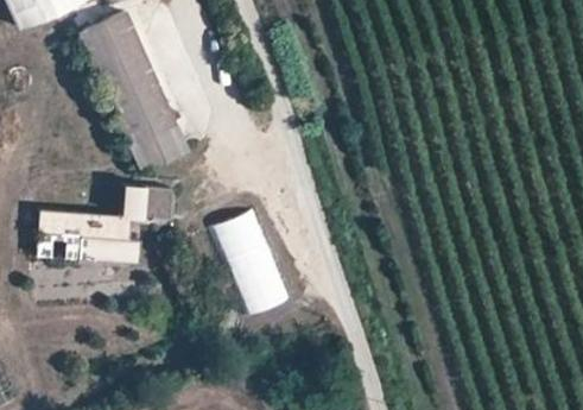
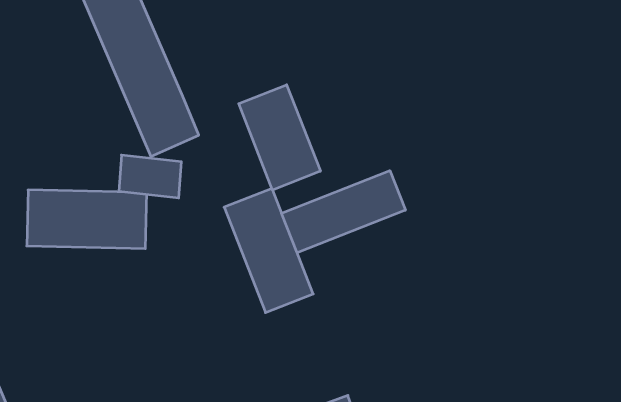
building: none -> [239,85,320,190]
building: none -> [282,171,405,253]

